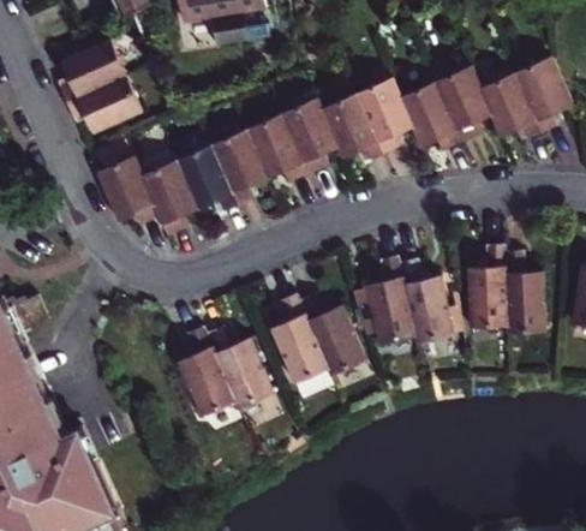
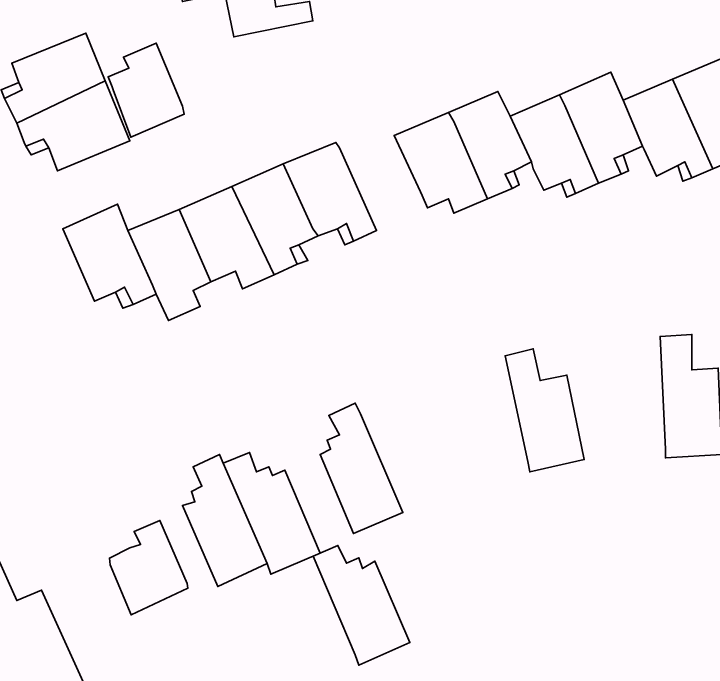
building: none -> [108,43,184,137]
building: [281,100,339,175] -> none
building: [467,240,506,326] -> none
building: [349,253,412,340] -> none
building: [298,293,364,375] -> [313,545,410,665]
building: none -> [110,521,188,615]

